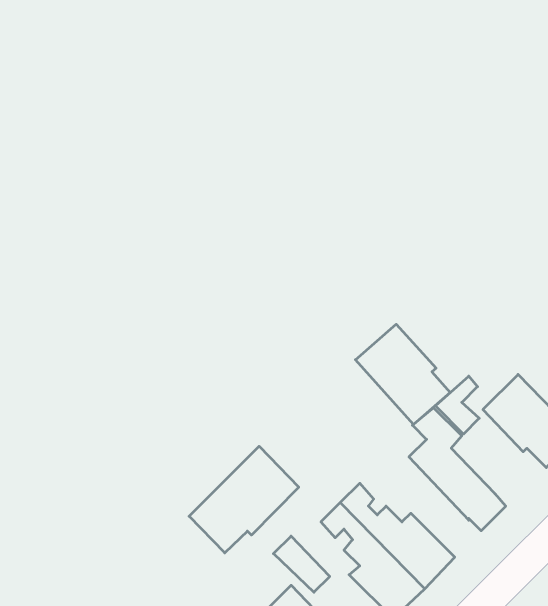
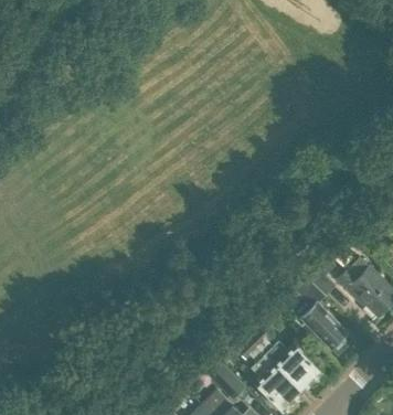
building: [355,324,450,425] -> none
building: [189,446,299,553] -> none

